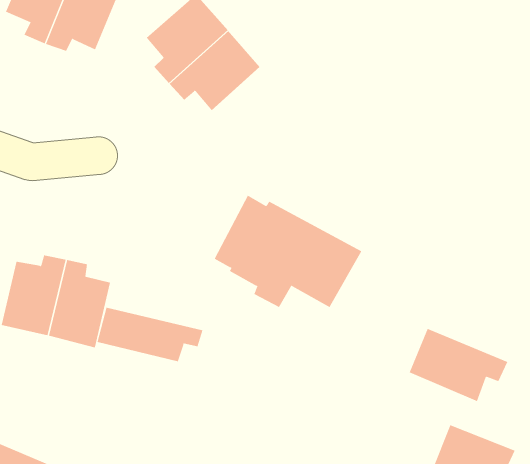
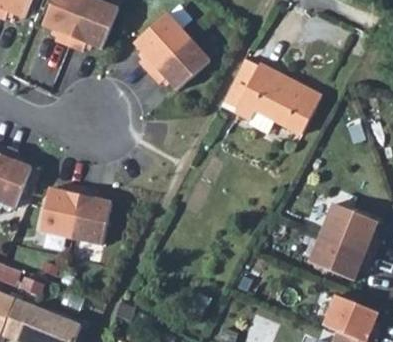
building: [214,195,362,308] -> [227,47,324,121]
building: none -> [319,203,378,255]
building: [97,307,203,362] -> none

